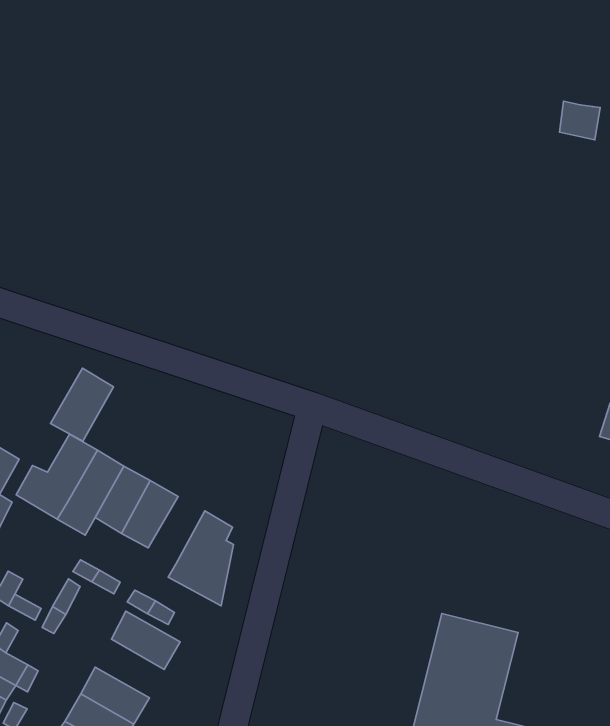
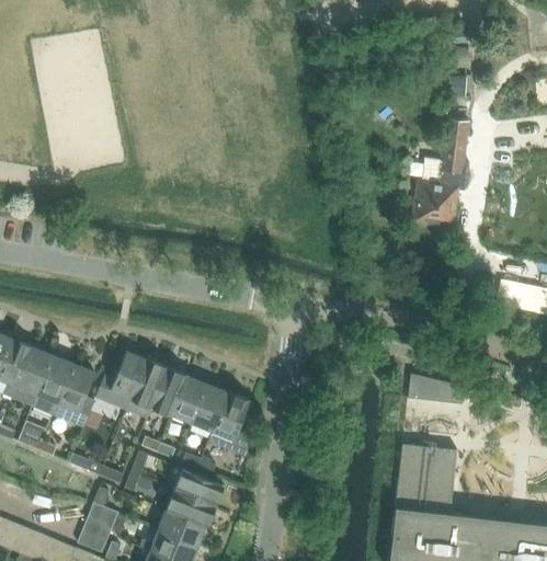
building: none -> [409,118,469,230]
building: [50,368,114,441] -> none
building: none -> [192,385,228,432]
building: none -> [408,374,465,404]
building: none -> [166,490,214,527]

